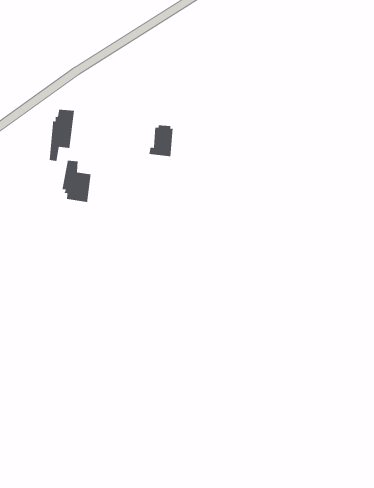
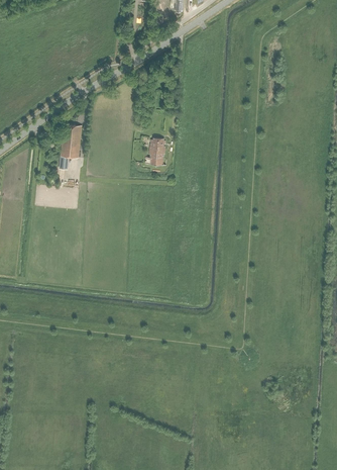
building: [62,160,91,203] -> none

